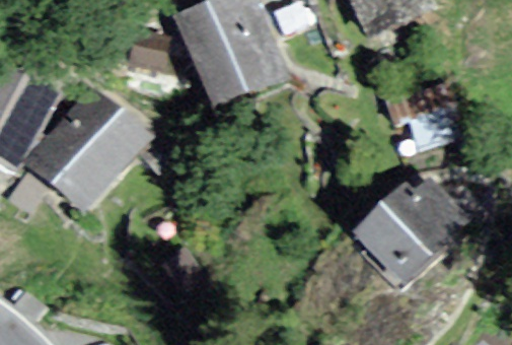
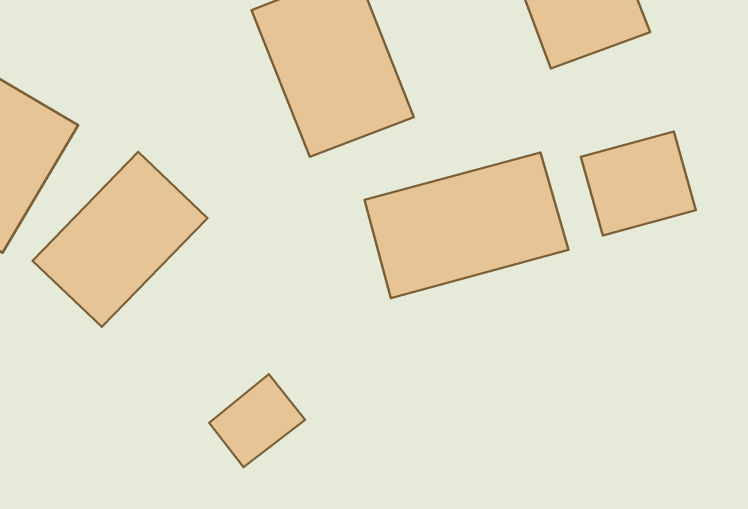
building: none -> [364,153,569,298]
building: [350,178,459,285] -> none

